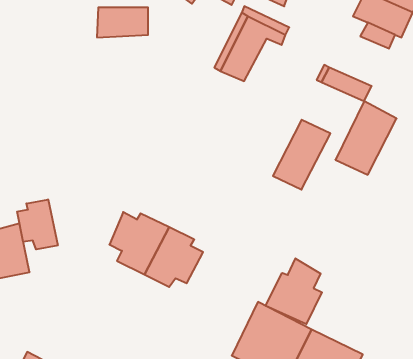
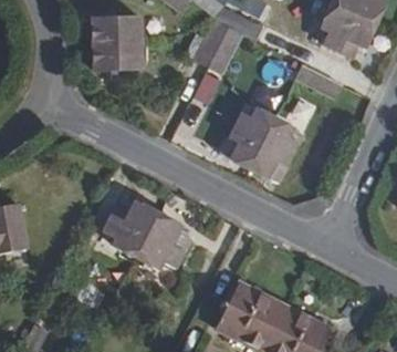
building: none -> [94,41,140,68]
building: [335,101,397,175] -> [221,101,275,166]
building: [17,199,58,249] -> none
building: [266,258,322,324] -> none

